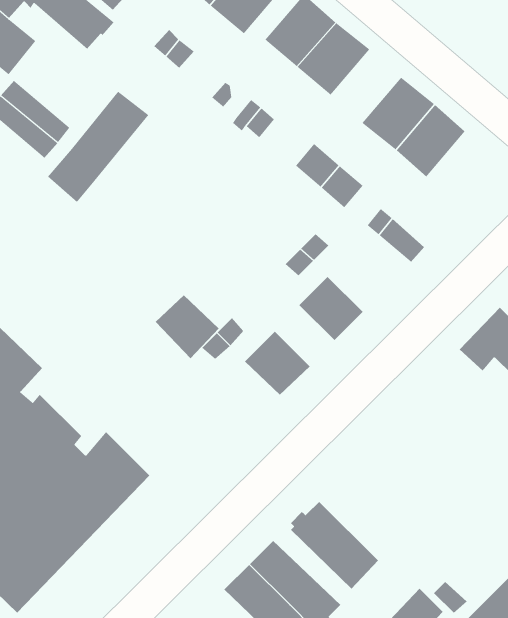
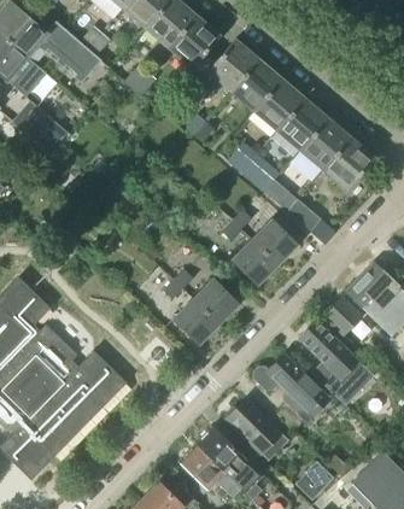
building: none -> [254,80,304,131]
building: [47,91,149,203] -> none
building: none -> [322,138,373,189]
building: none -> [252,220,298,265]
building: [155,294,220,359] -> [172,300,218,346]
building: none -> [323,297,362,335]
building: none -> [300,321,373,403]
building: none -> [254,355,329,423]

